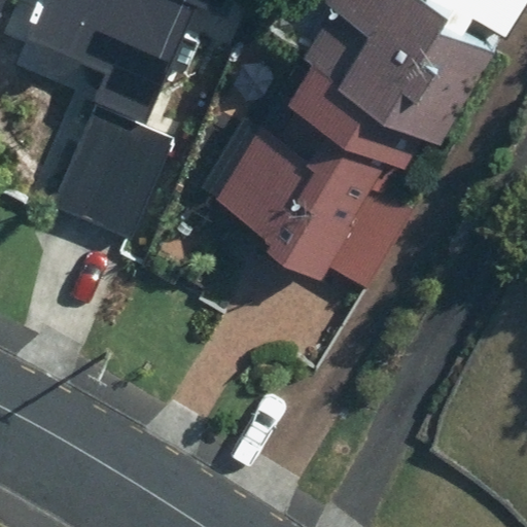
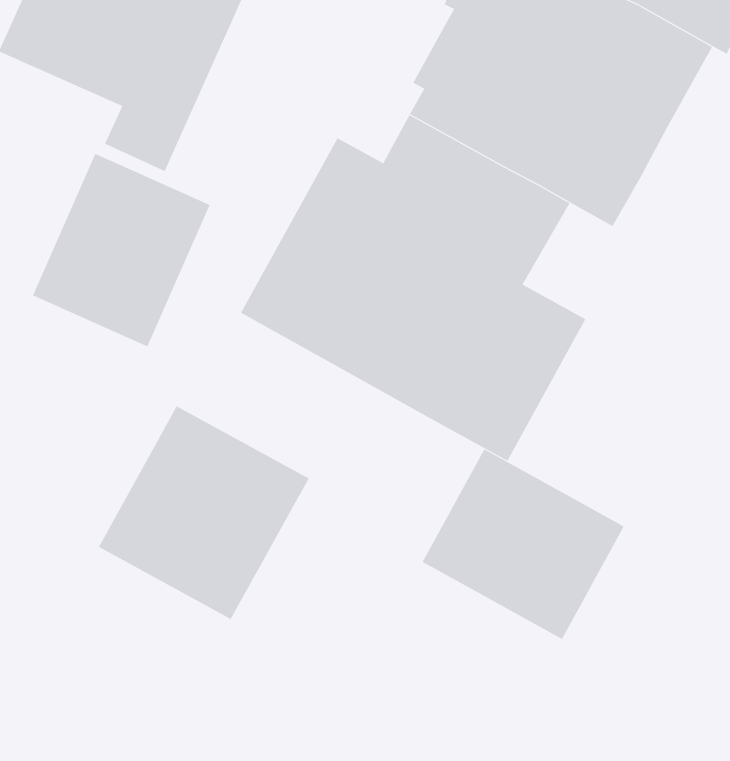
building: none -> [98,405,309,620]
building: none -> [422,448,624,640]

